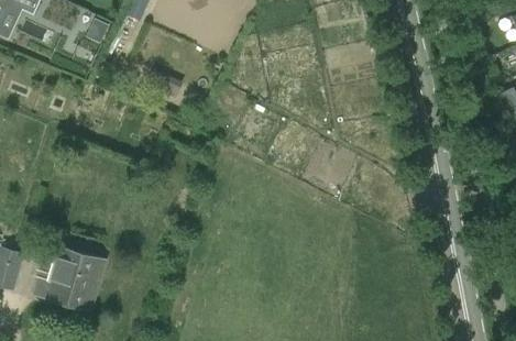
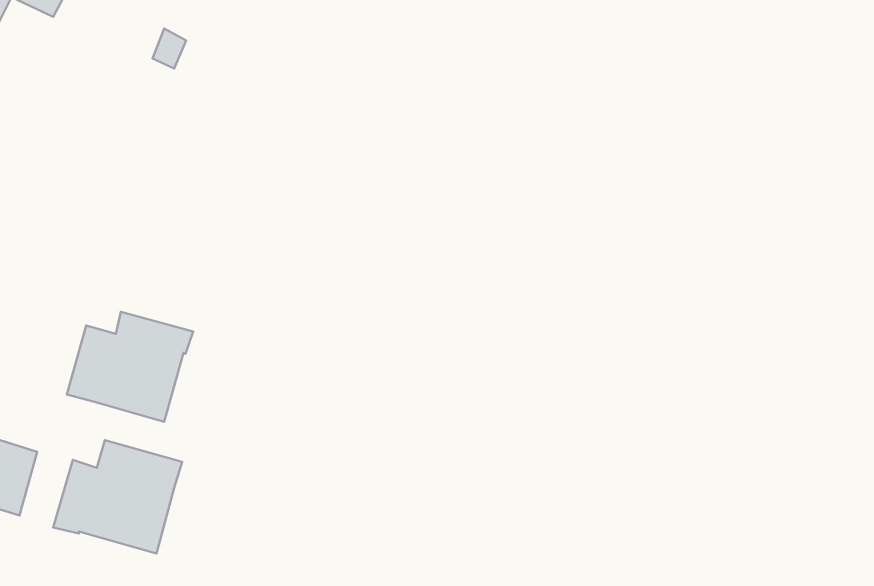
building: none -> [67,312,193,422]

